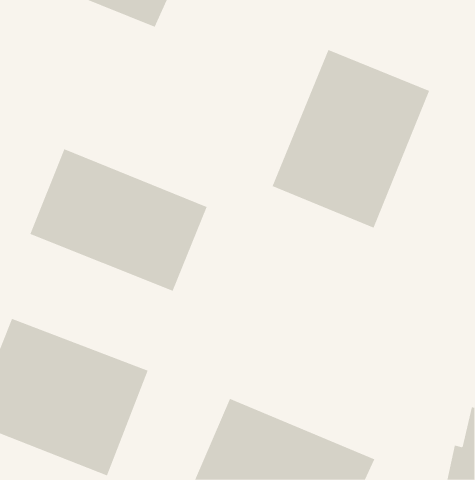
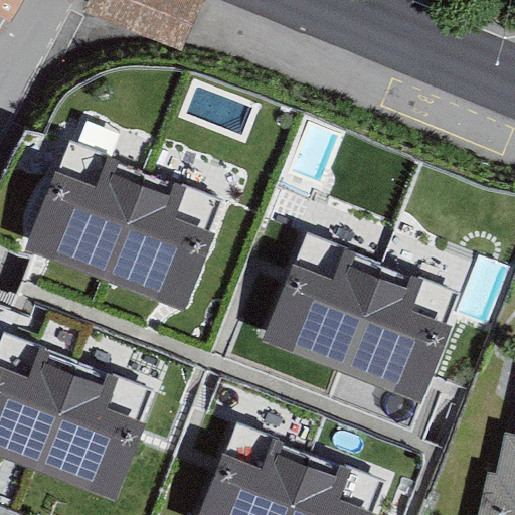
building: [272,49,430,228] -> none
building: none -> [266,250,457,402]

